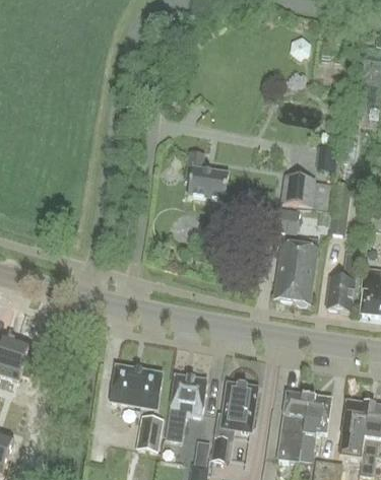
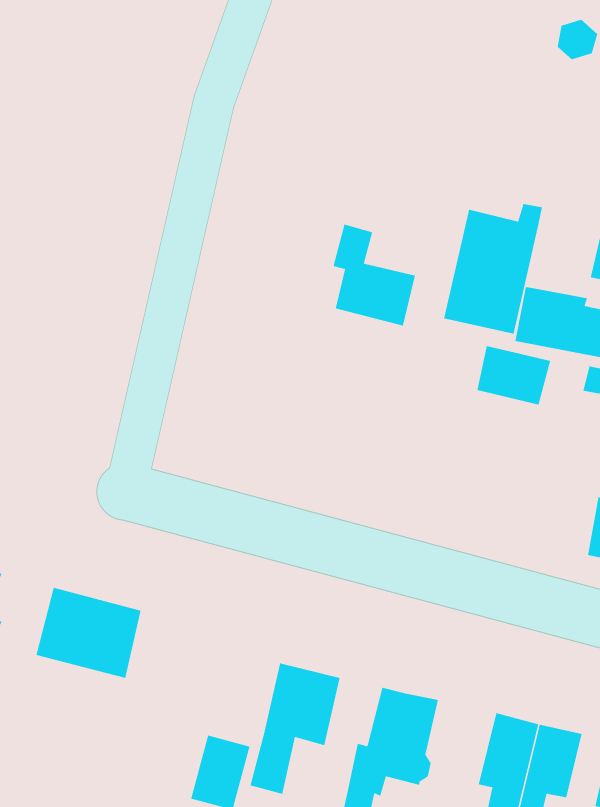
building: [273,236,319,303] -> [443,203,543,335]
building: [110,364,162,408] -> [36,587,141,679]

